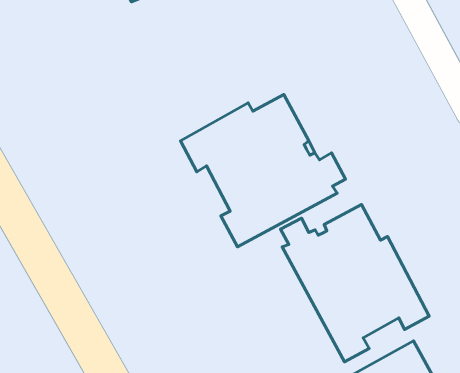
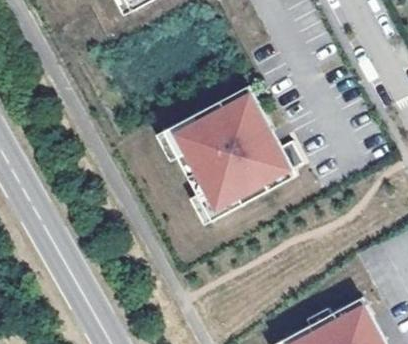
building: [281,204,429,362] -> none

